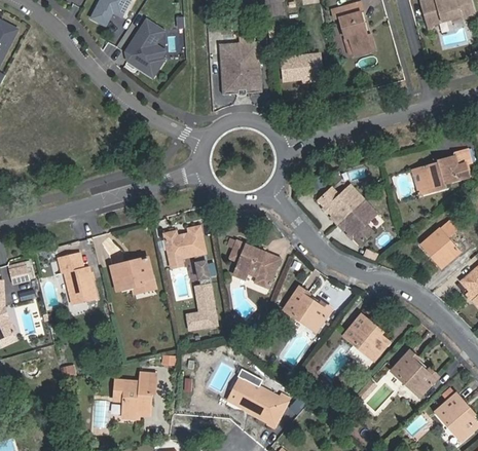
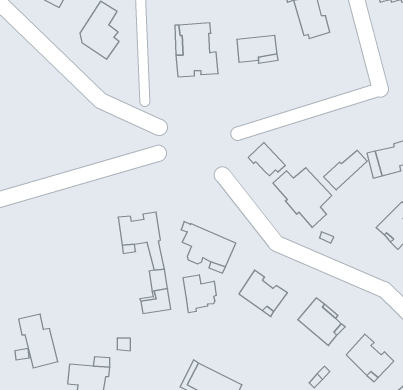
building: none -> [248,142,285,176]
building: none -> [324,150,367,190]
building: [58,252,97,305] -> [19,314,58,368]
building: [110,257,152,291] -> none
building: none -> [183,275,216,313]

